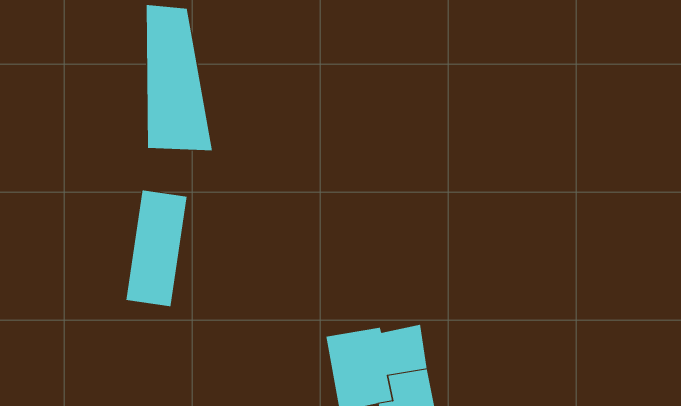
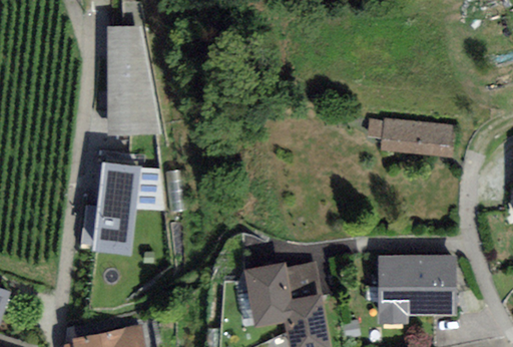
building: none -> [371,119,455,157]
building: none -> [379,258,453,311]

